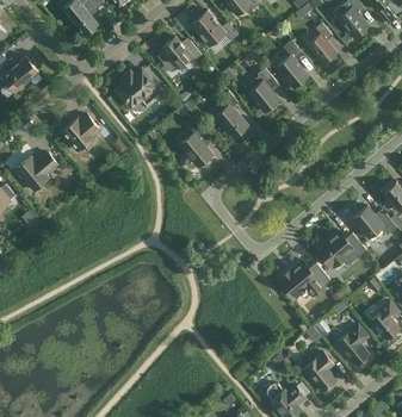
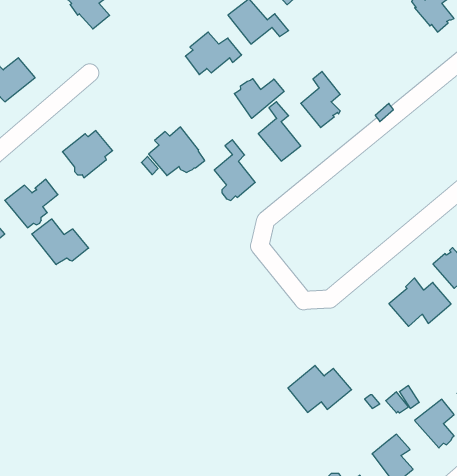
building: [307,21,335,62] -> none
building: [274,39,307,87] -> none
building: [116,68,160,106] -> [149,127,205,176]
building: none -> [234,79,284,118]
building: none -> [32,219,89,265]
building: [279,260,329,297] -> [288,365,352,412]

